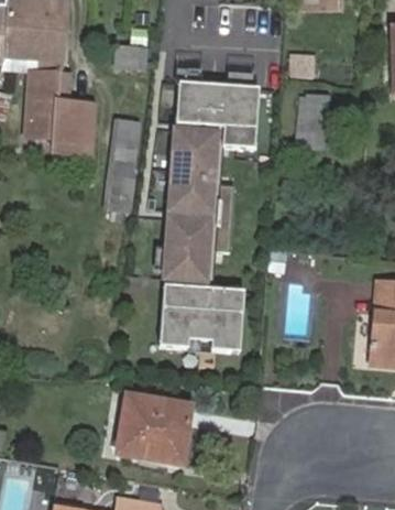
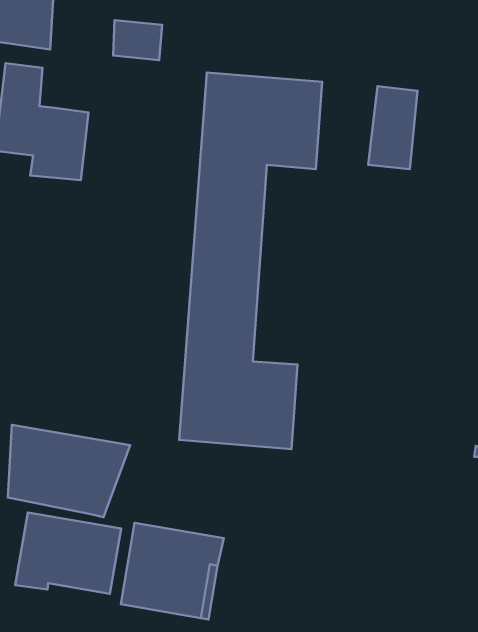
building: [103,117,138,210] -> none
building: none -> [8,425,130,517]
building: none -> [15,512,121,594]

